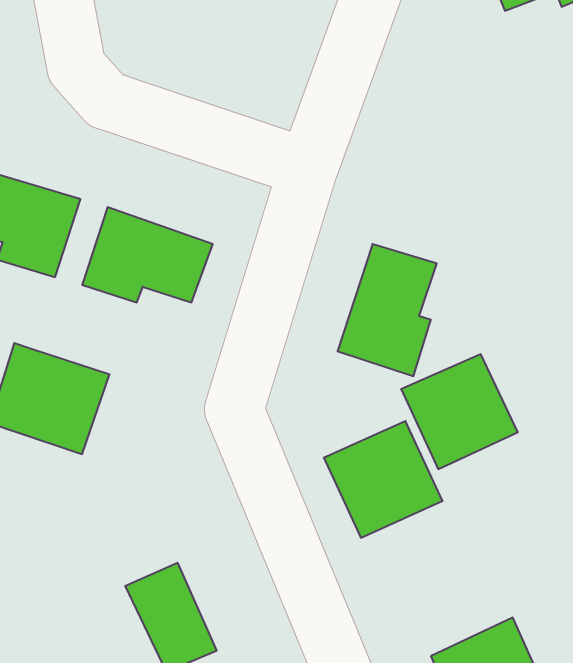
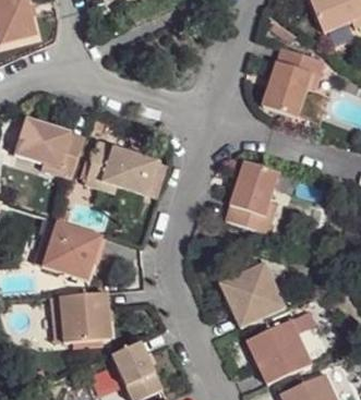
building: none -> [265,46,328,118]
building: [401,354,518,469] -> [248,319,313,384]
building: none -> [49,292,106,343]

